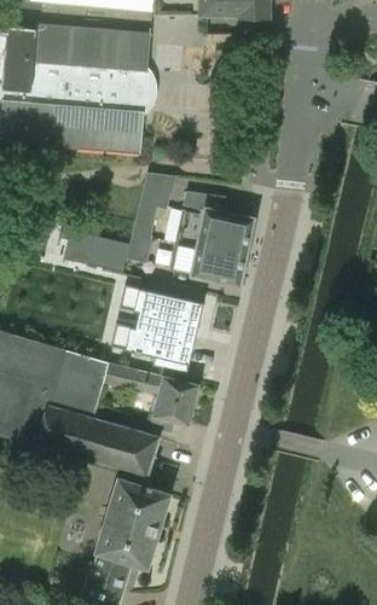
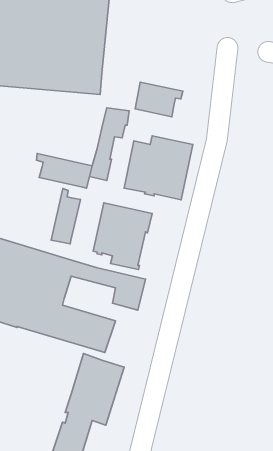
building: none -> [135,82,183,117]
building: none -> [51,189,80,244]

